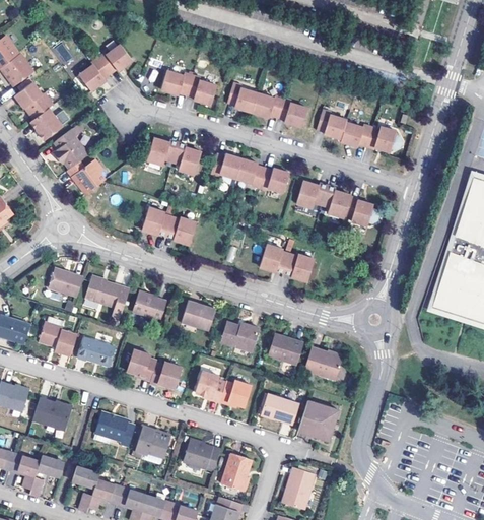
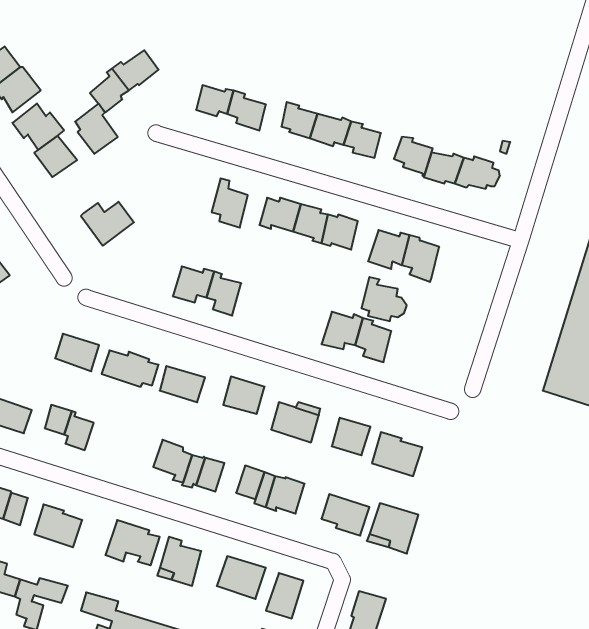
building: [57,130,90,170] -> [75,104,118,154]
building: [146,141,180,172] -> none
building: [345,196,381,231] -> [361,277,407,321]
building: [80,337,118,366] -> none

